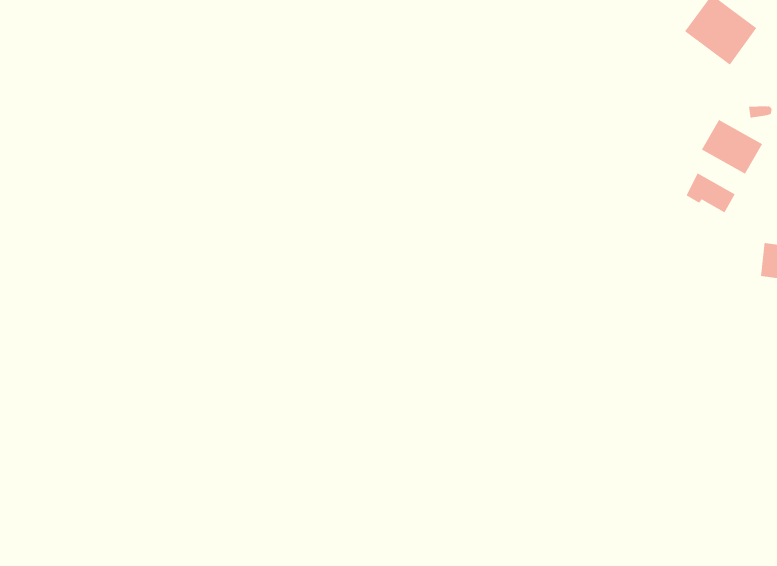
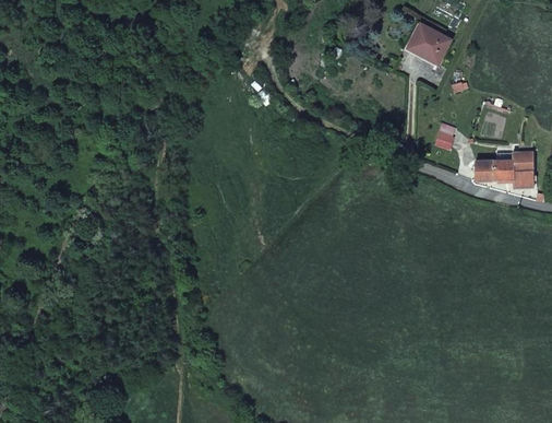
building: [701,119,763,174] -> none

